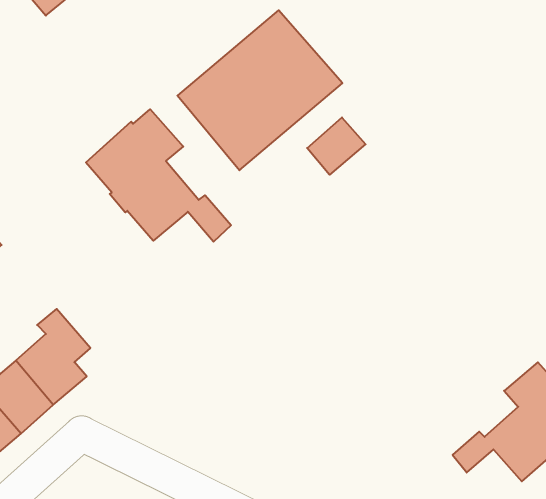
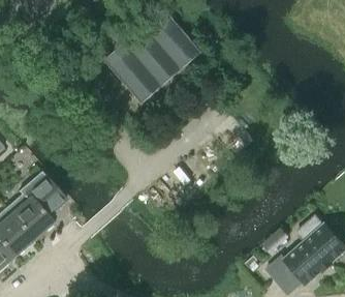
building: [86,109,231,242] -> none
building: [307,117,366,175] -> none

